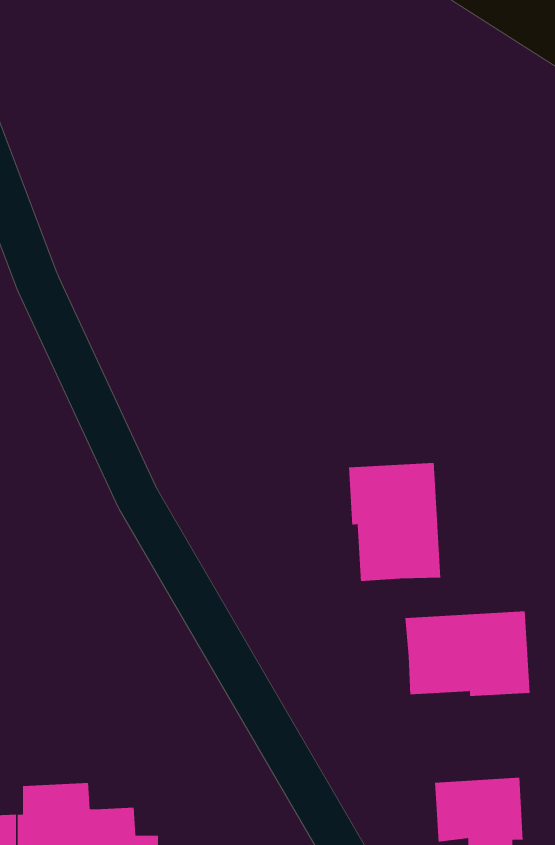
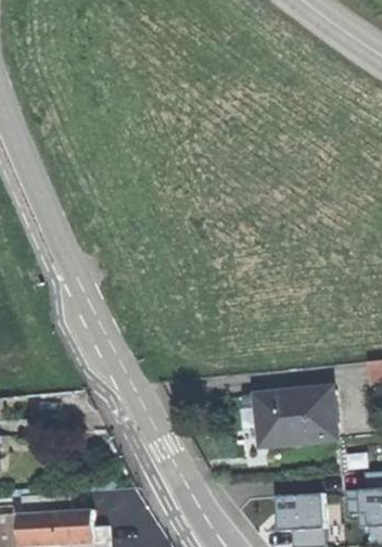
building: [348,462,441,582] -> none

